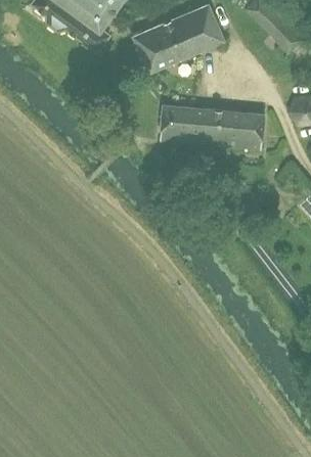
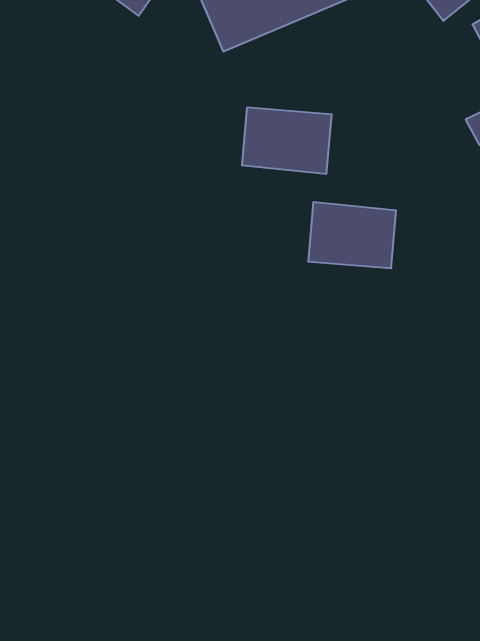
building: [212,109,265,149] -> [308,202,396,268]

